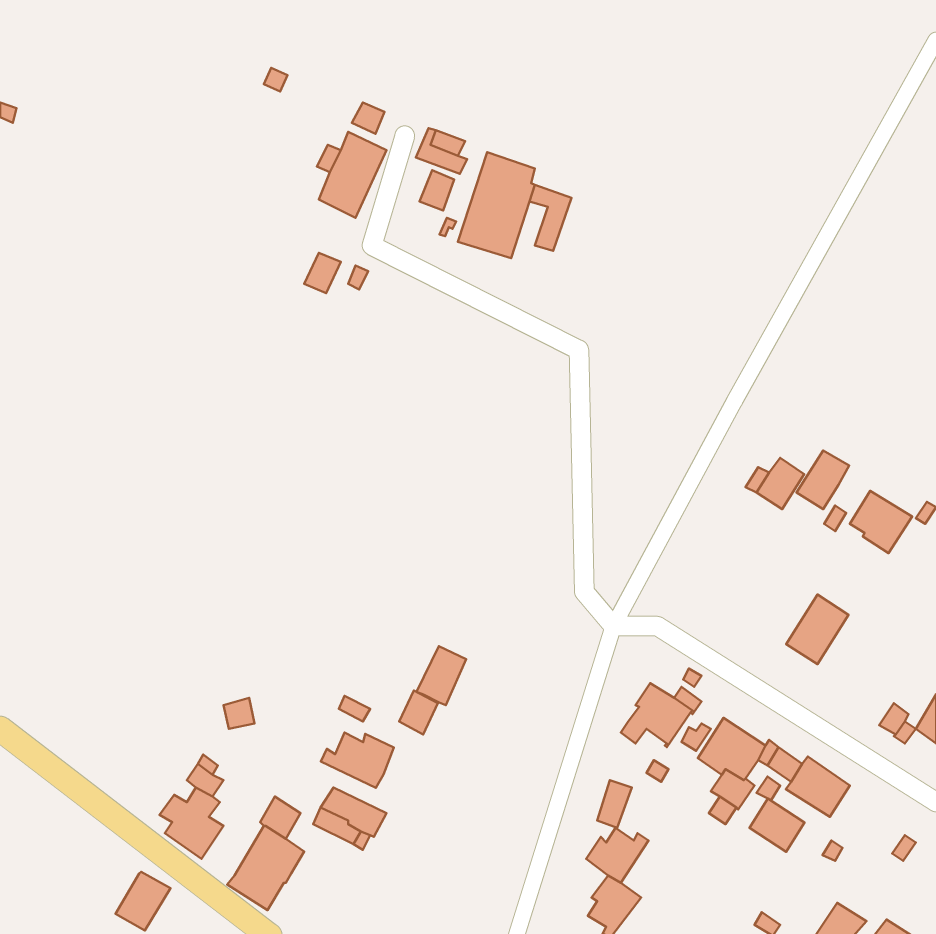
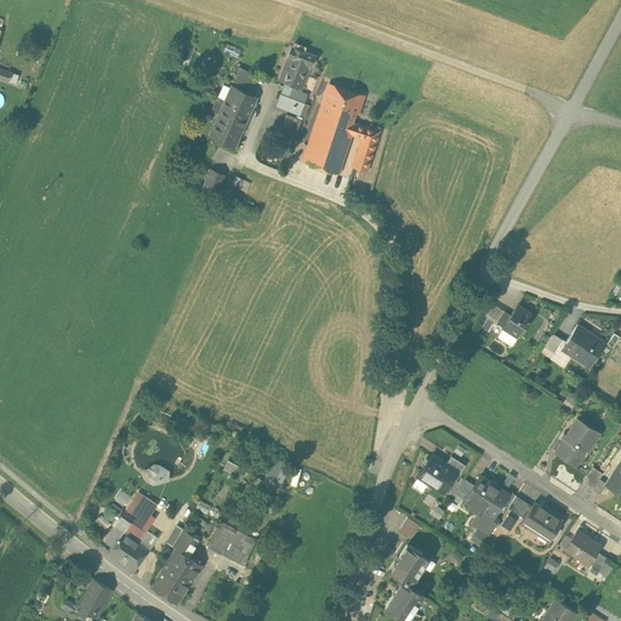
building: none -> [278,46,315,90]
building: none -> [323,84,364,114]
building: [796,451,849,509] -> none
building: [786,595,848,664] -> [556,420,597,466]
building: [417,646,466,705] -> none
building: [321,733,394,788] -> none
building: [749,799,804,852] -> [563,530,599,565]

